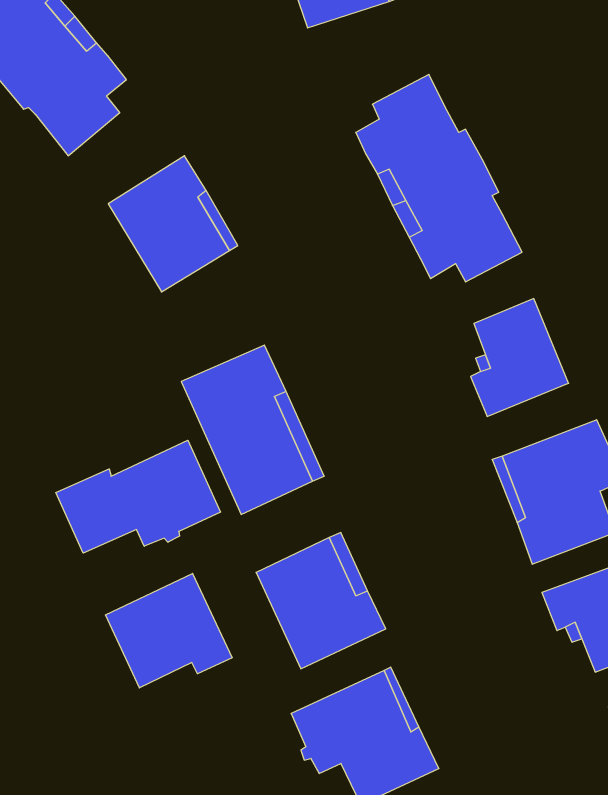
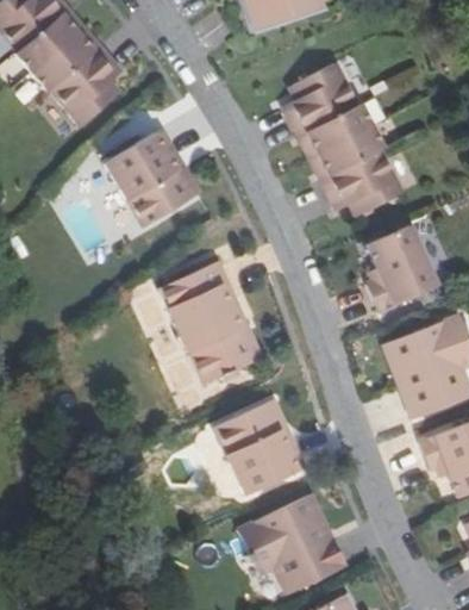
building: [56,440,221,553] -> none
building: [105,573,232,688] -> none

